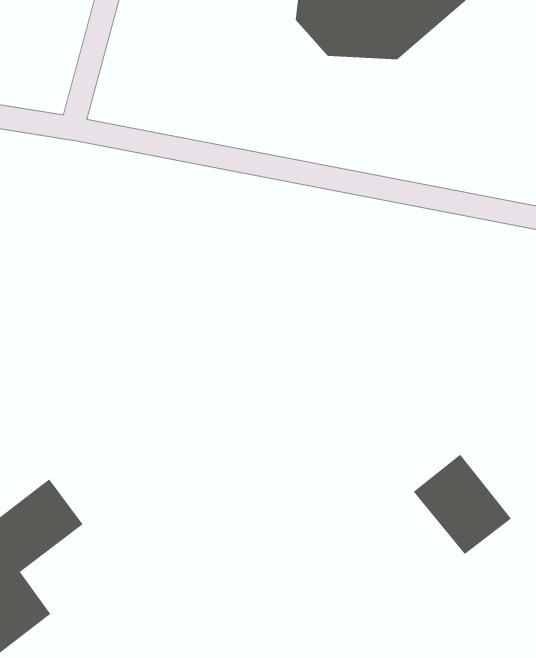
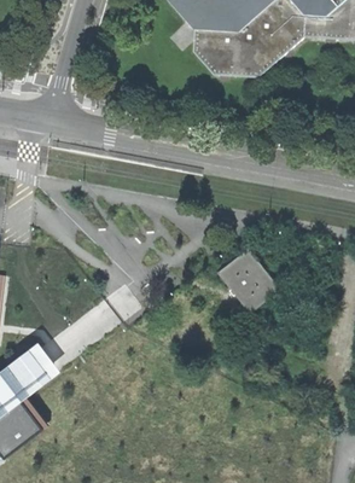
building: [413,454,512,555] -> [216,248,279,312]

